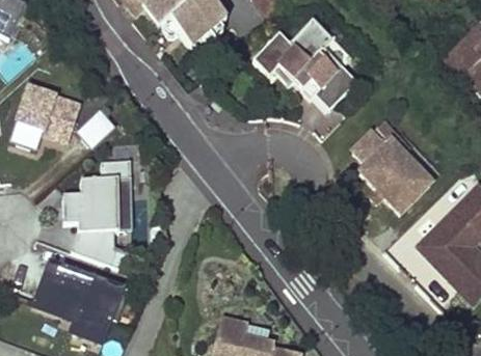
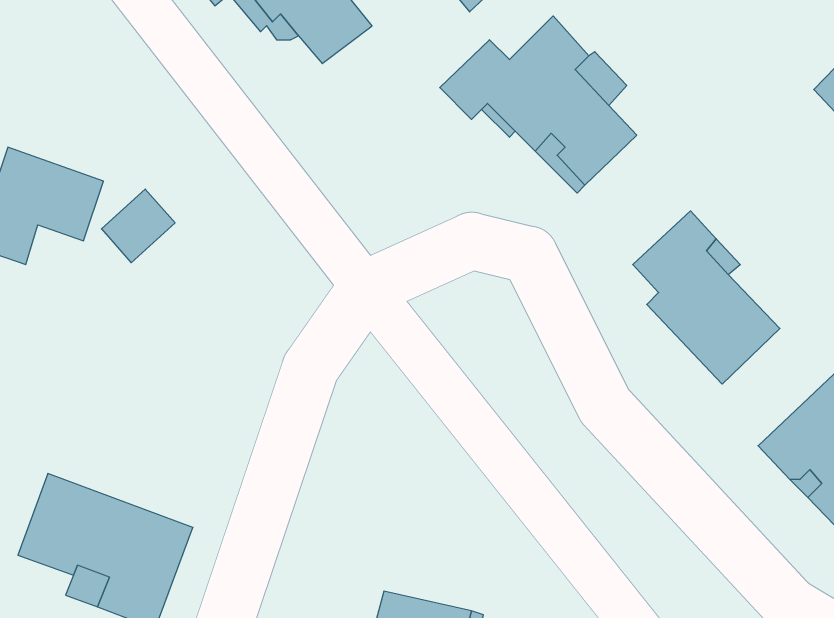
building: [63,161,131,266] -> none

